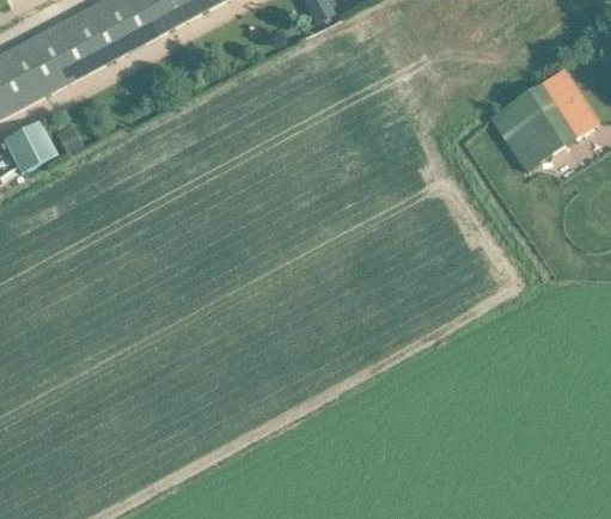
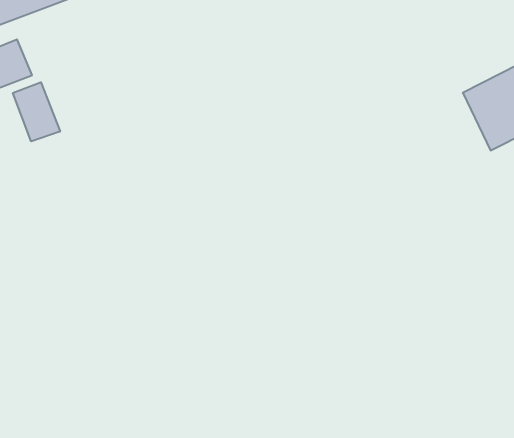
building: none -> [13,82,60,141]

